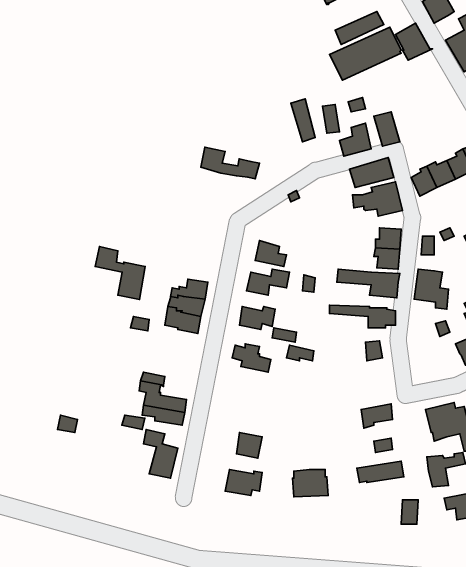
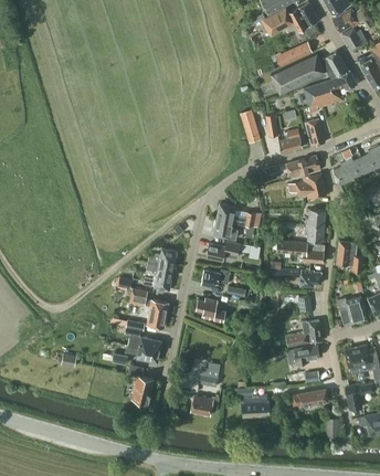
building: none -> [303,71,357,108]
building: [201,147,259,179] -> [217,203,262,228]
building: [95,247,145,299] -> [129,287,168,328]
building: none -> [337,296,367,324]
building: none -> [286,320,321,347]

